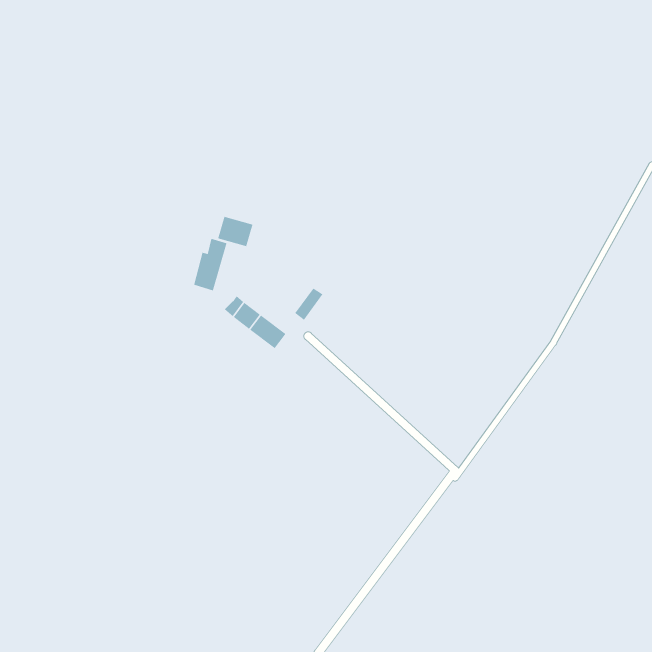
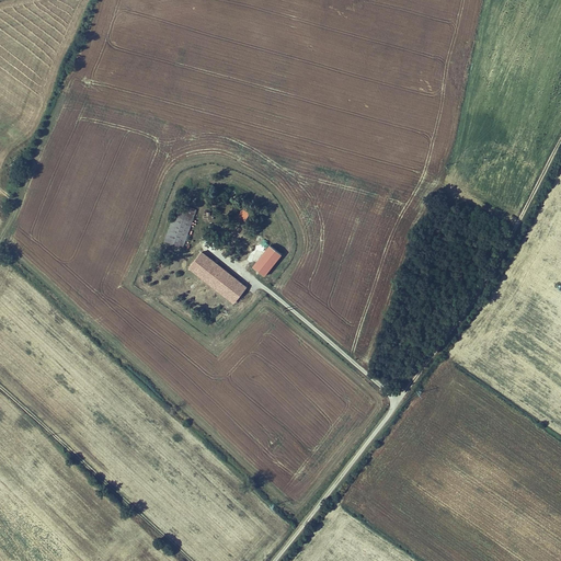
building: [217,216,253,247] -> none

